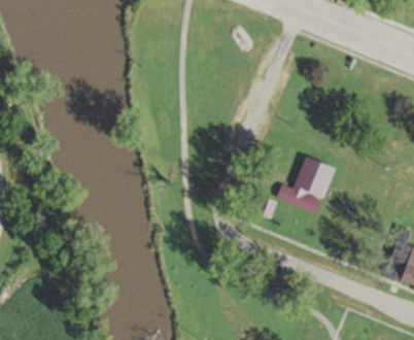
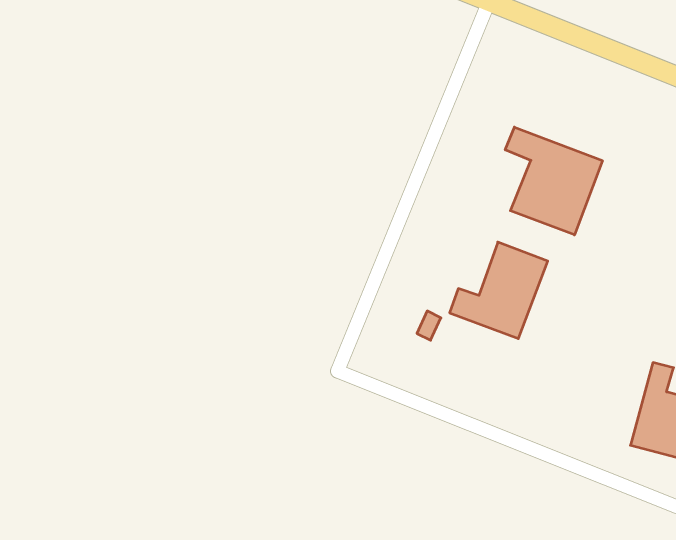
building: none -> [505,127,602,235]

